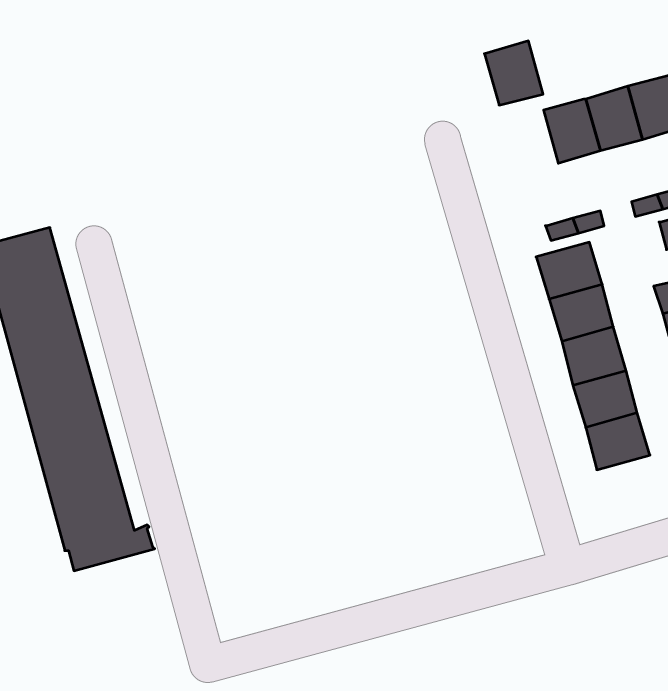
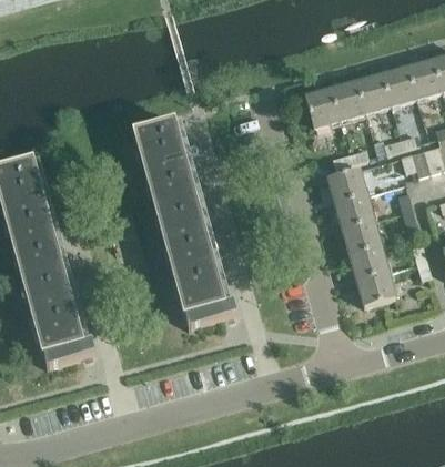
building: [484,41,543,105] -> [305,88,341,126]
building: none -> [133,120,237,327]

